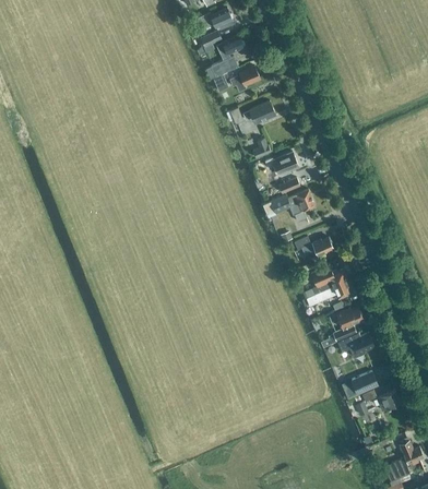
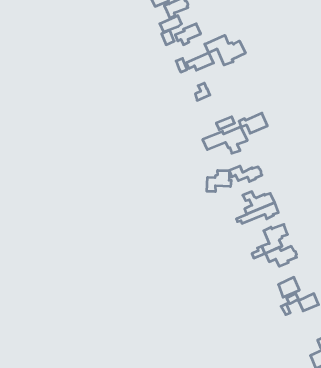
building: none -> [205,35,245,65]
building: [265,151,299,175] -> [239,113,267,133]
building: none -> [207,170,231,192]

